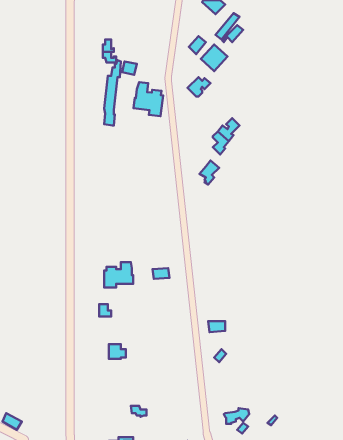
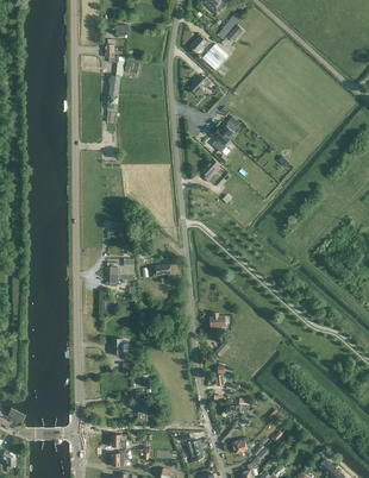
building: [133,82,163,116] -> none

